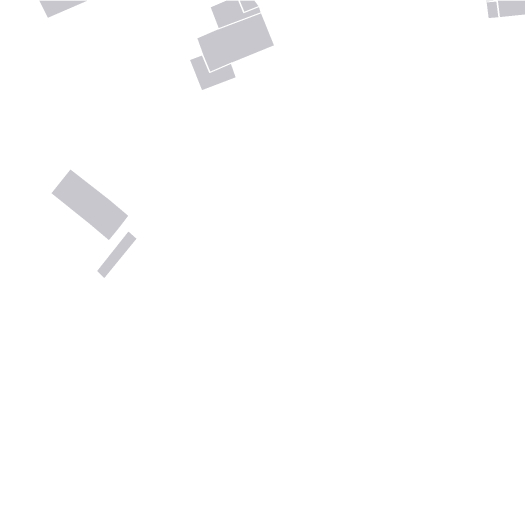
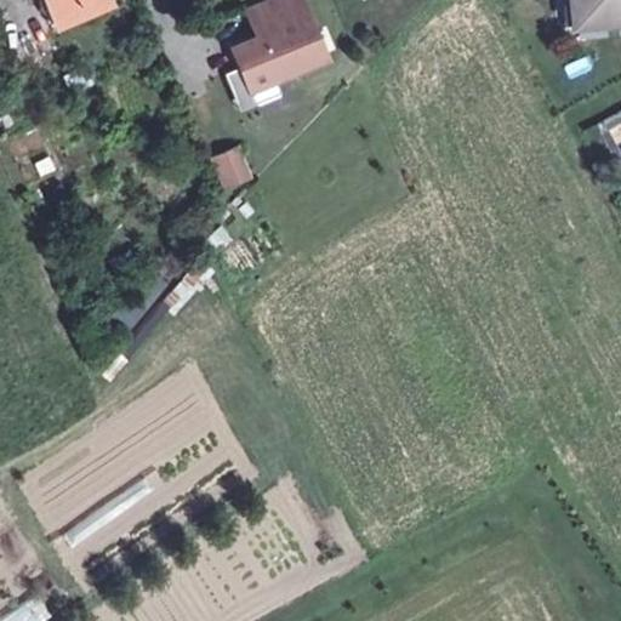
building: none -> [209,143,252,189]
building: [51,169,129,241] -> none

